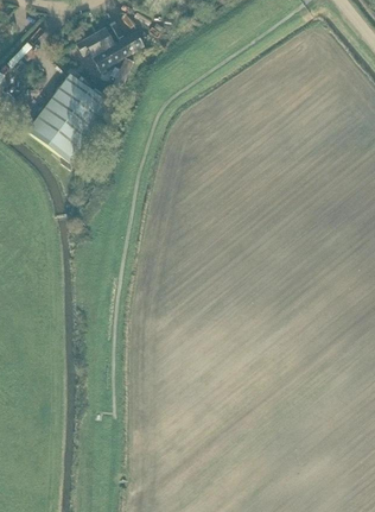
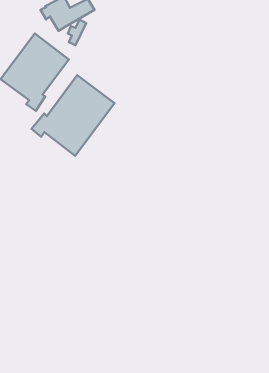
building: none -> [31,75,114,156]

